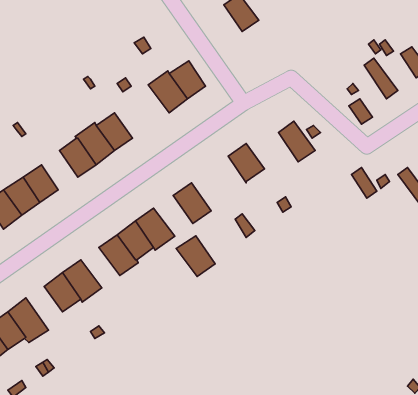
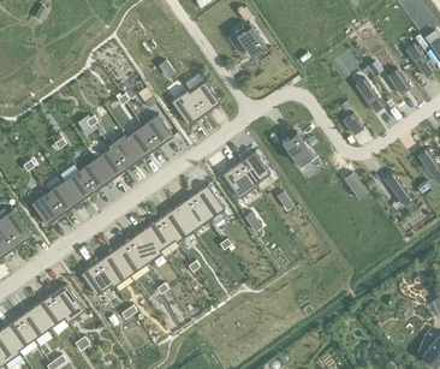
building: none -> [141,112,172,145]
building: none -> [78,156,109,190]
building: none -> [221,161,255,197]
building: [176,236,215,277] -> [174,195,208,230]
building: none -> [112,239,145,274]

